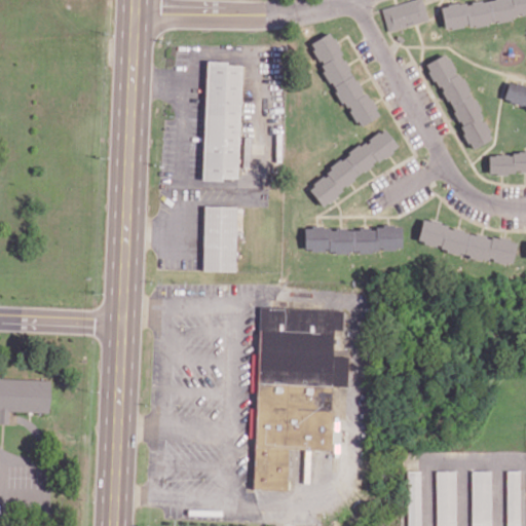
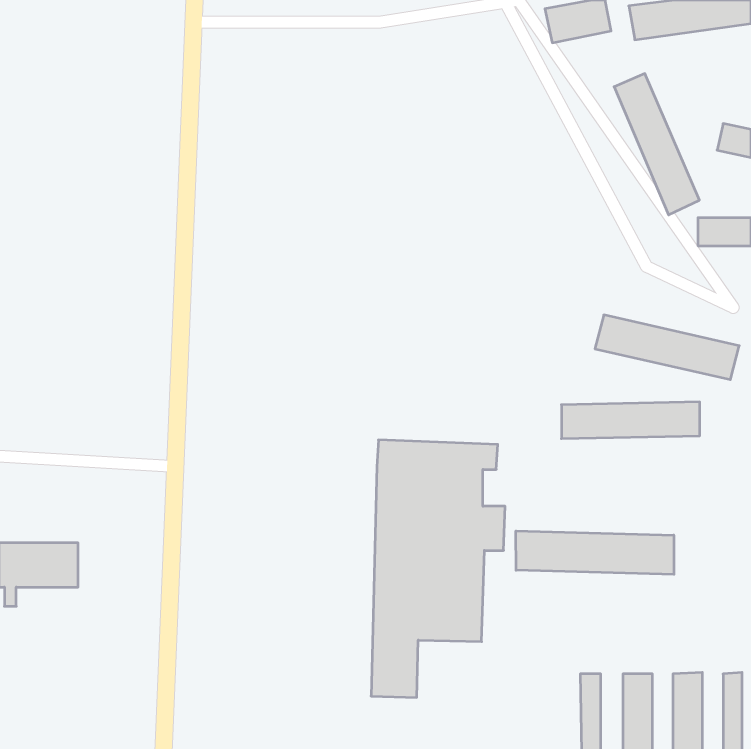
building: [309,33,375,130] -> none
building: [205,62,246,180] -> none
building: [305,128,397,206] -> none
building: [206,206,245,270] -> none
building: [303,228,400,254] -> [561,402,700,439]
building: none -> [516,531,674,574]

